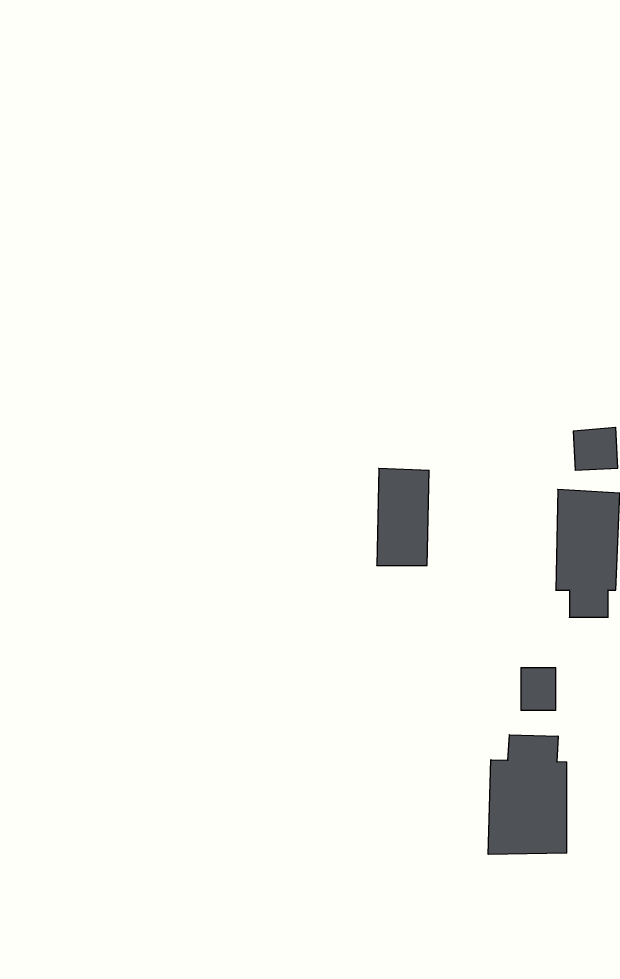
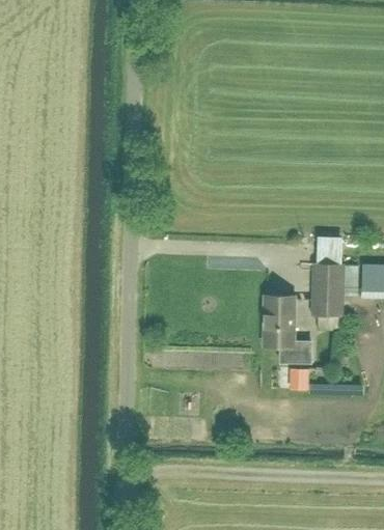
building: [377,468,429,565] -> [266,298,294,350]
building: [488,735,567,854] -> none

